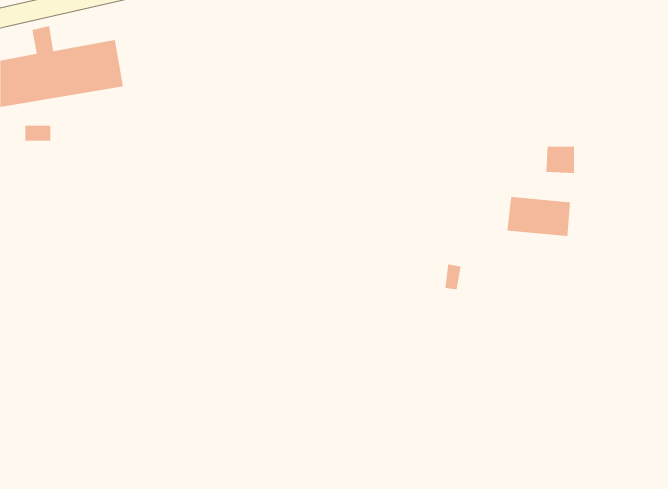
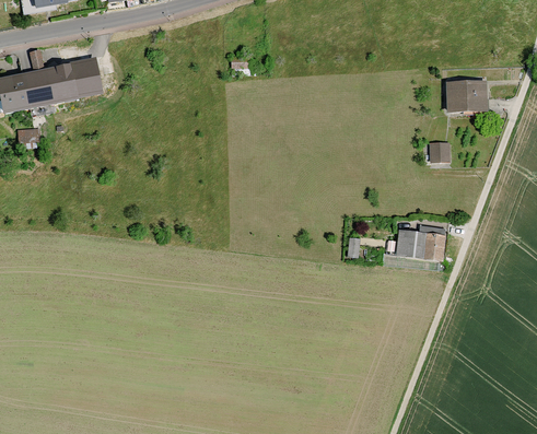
building: none -> [443,80,487,114]
building: [506,196,571,237] -> [395,228,445,260]

